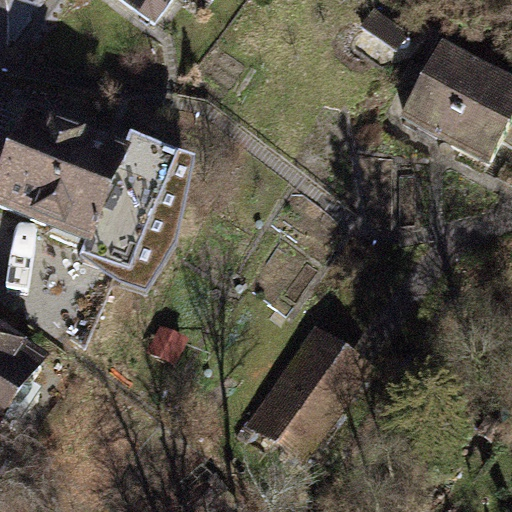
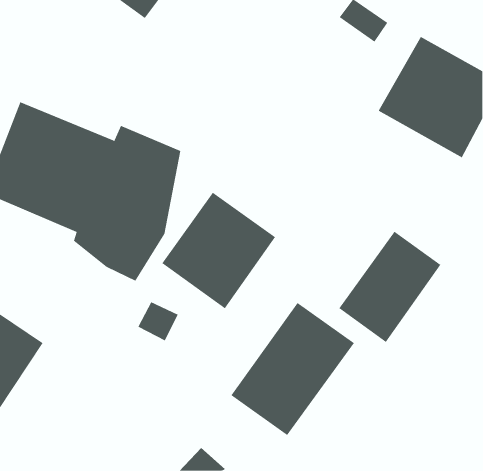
building: none -> [161,192,276,309]
building: none -> [339,231,441,343]

